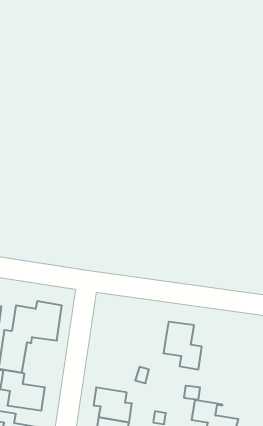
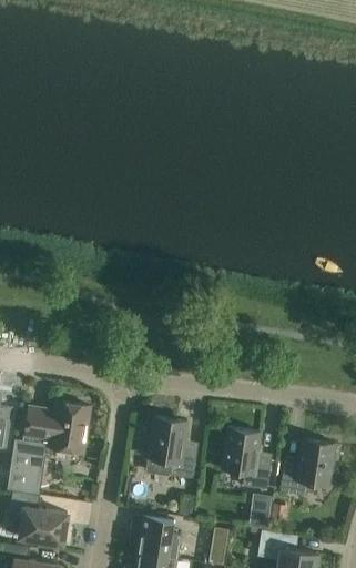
building: none -> [148,418,196,479]
building: none -> [279,440,335,497]

